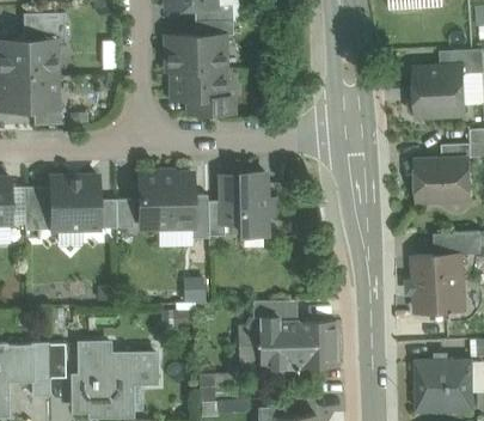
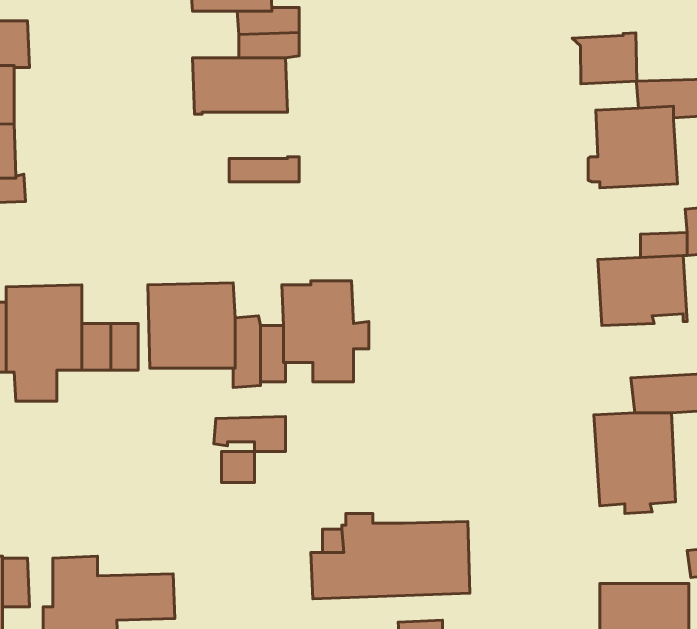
building: none -> [572,33,637,84]
building: [172,69,225,98] -> none
building: [252,301,296,323] -> [214,417,286,452]

